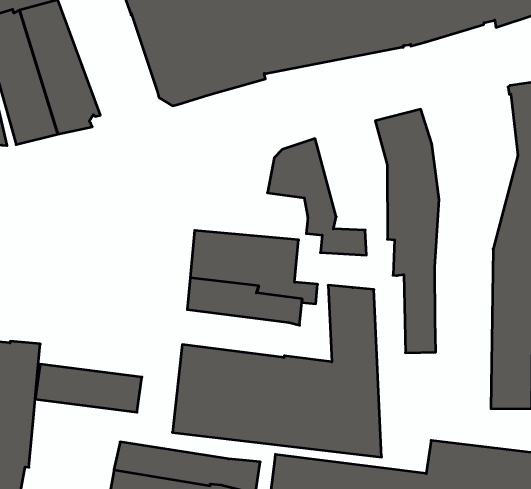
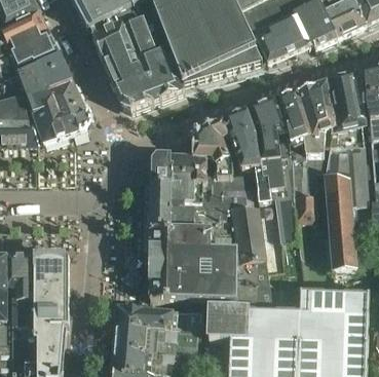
building: none -> [275,81,329,219]
building: none -> [223,107,270,199]
building: none -> [151,152,245,204]
building: [35,364,142,412] -> [150,226,211,249]

